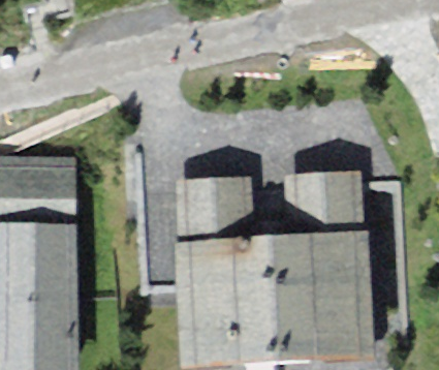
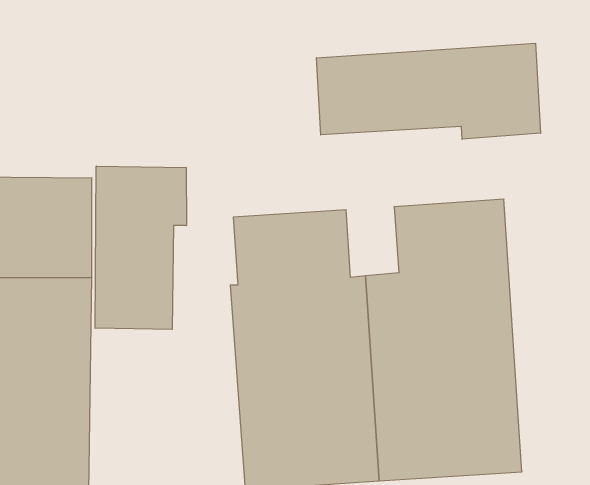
building: none -> [317,43,541,139]
building: none -> [95,166,186,329]

